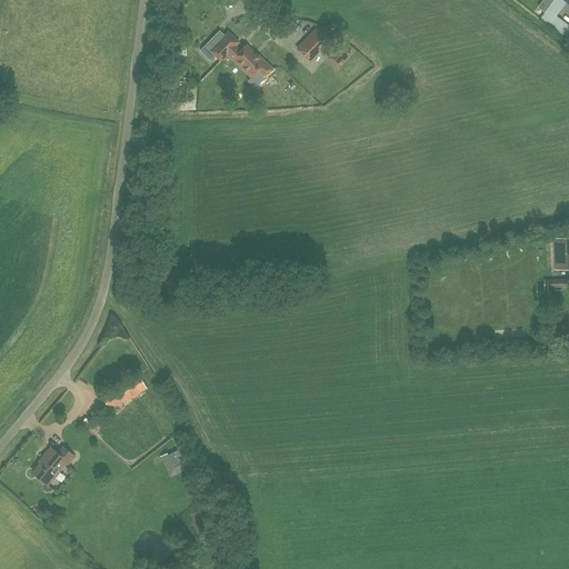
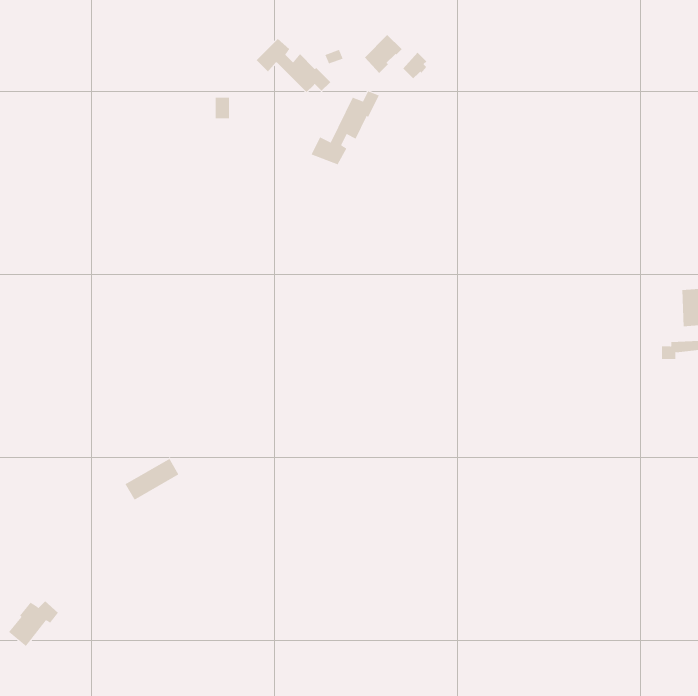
building: none -> [311,91,380,165]
building: [33,445,74,482] -> [8,600,59,647]

